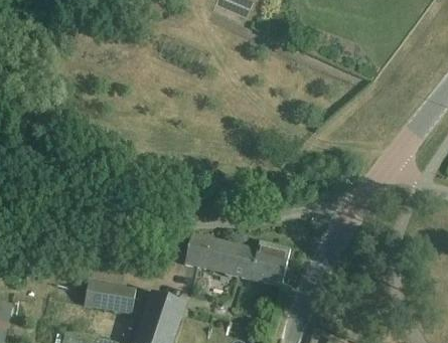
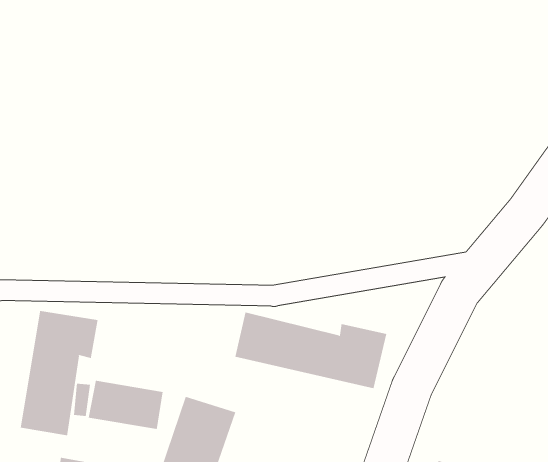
building: none -> [20,310,98,436]

